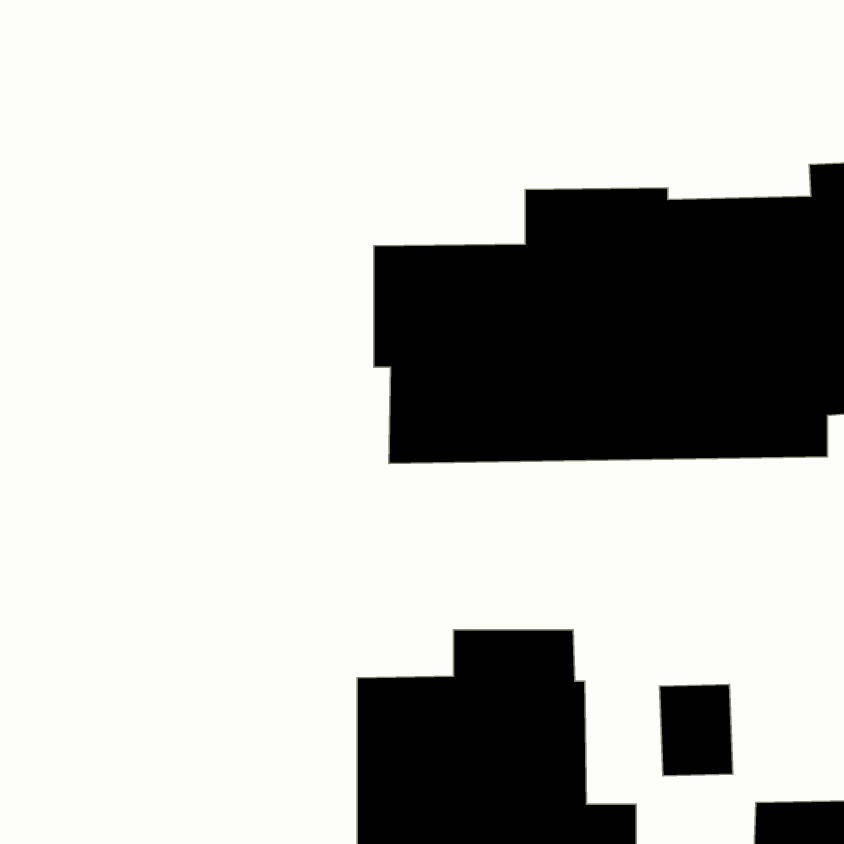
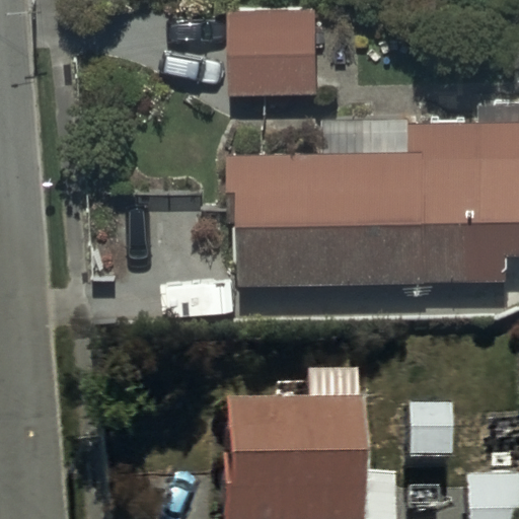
building: none -> [232,10,320,95]

